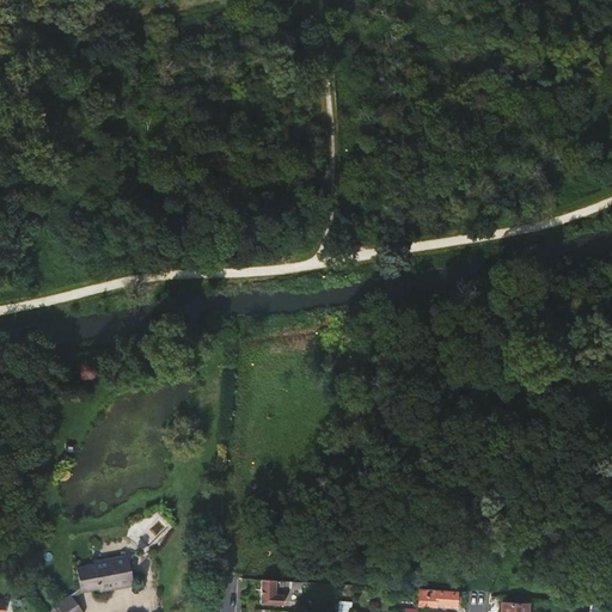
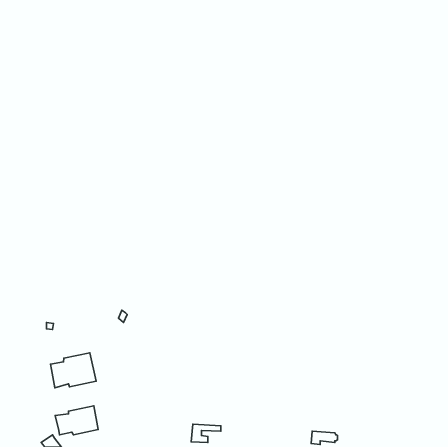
building: none -> [51,353,96,388]

